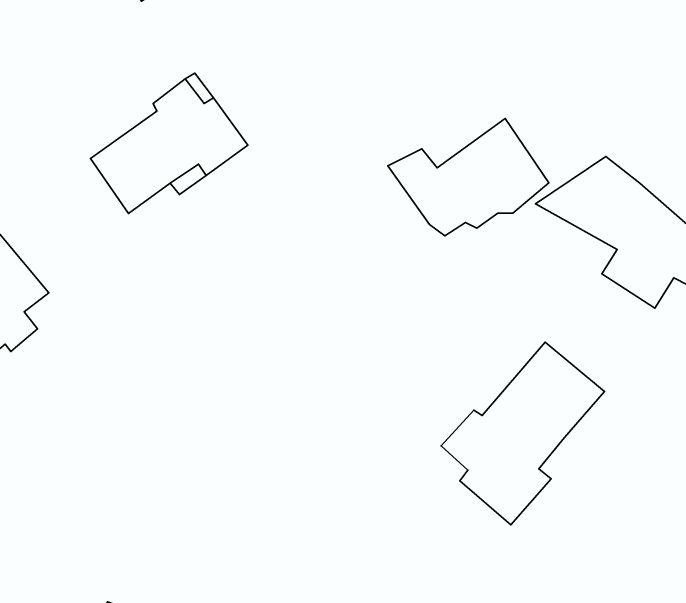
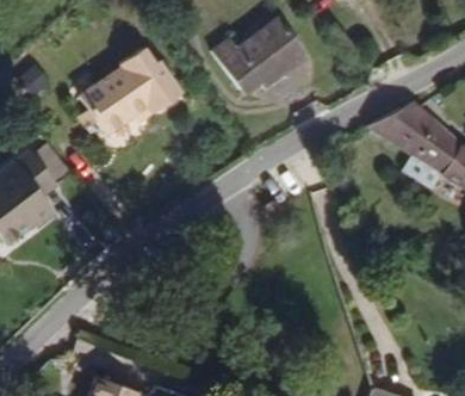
building: [388,118,549,236] -> [212,14,314,88]
building: [441,342,605,525] -> none

